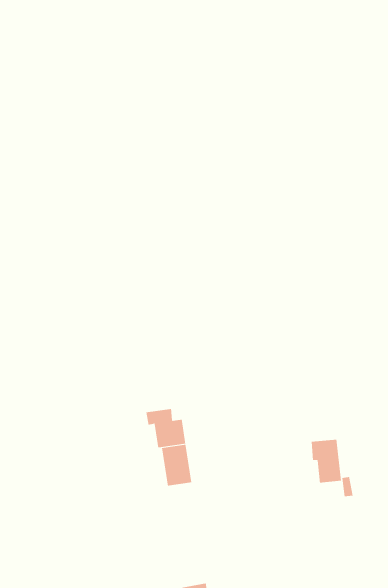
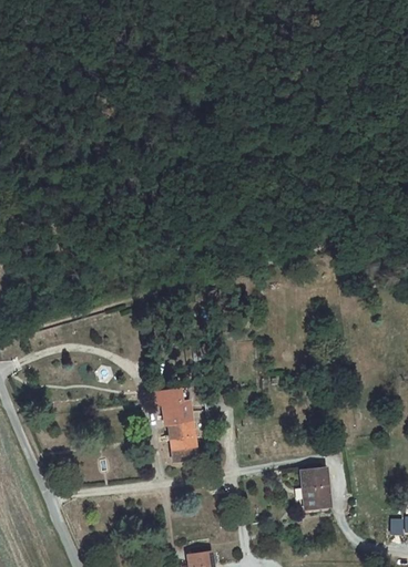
building: [311,439,342,483] -> [302,467,330,508]

